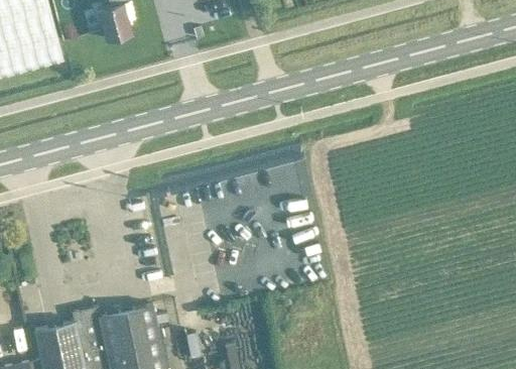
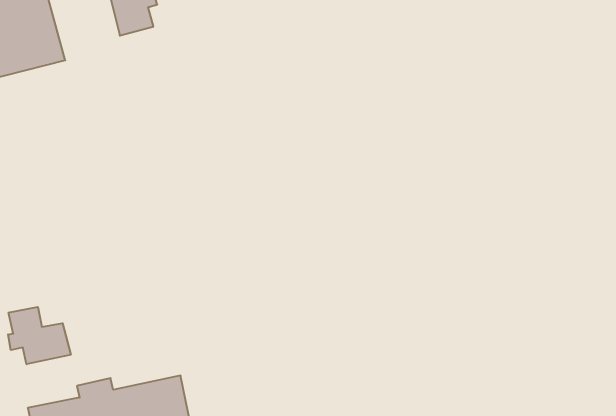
building: none -> [8,307,71,364]

